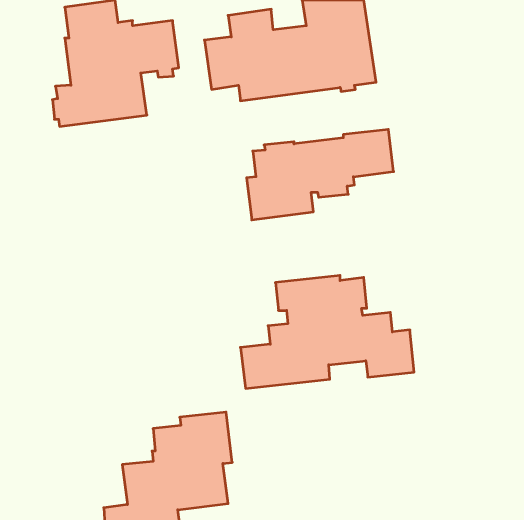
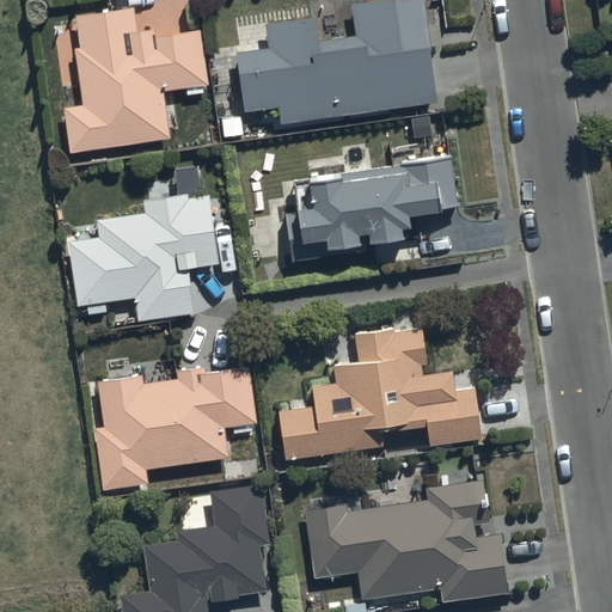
building: none -> [68,194,219,323]
building: none -> [94,366,256,490]
building: none -> [306,482,508,600]

